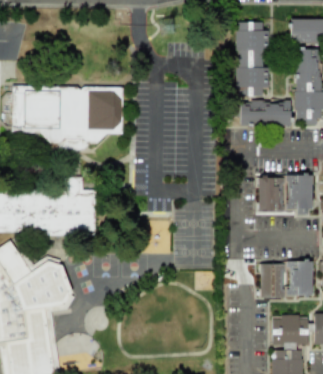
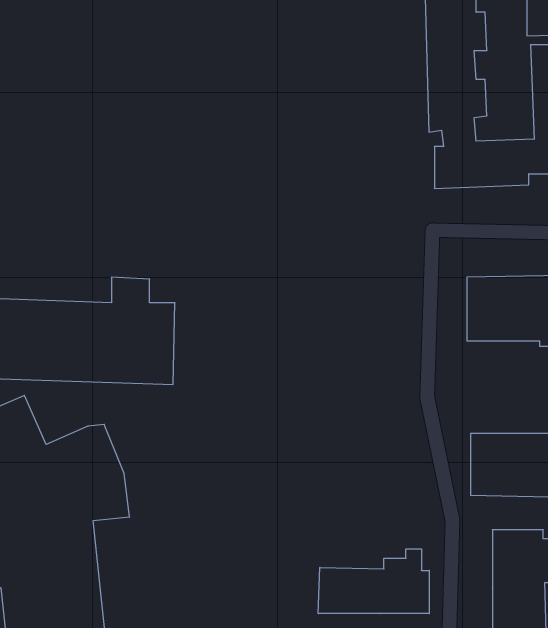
building: [12,86,123,147] -> none
building: none -> [318,549,429,614]

